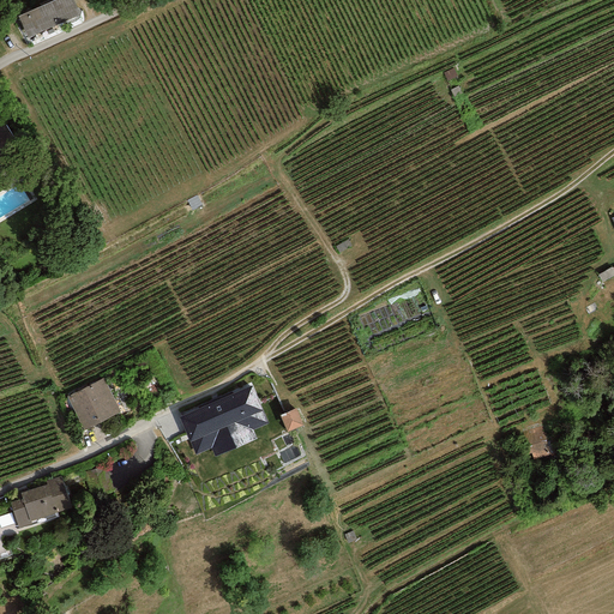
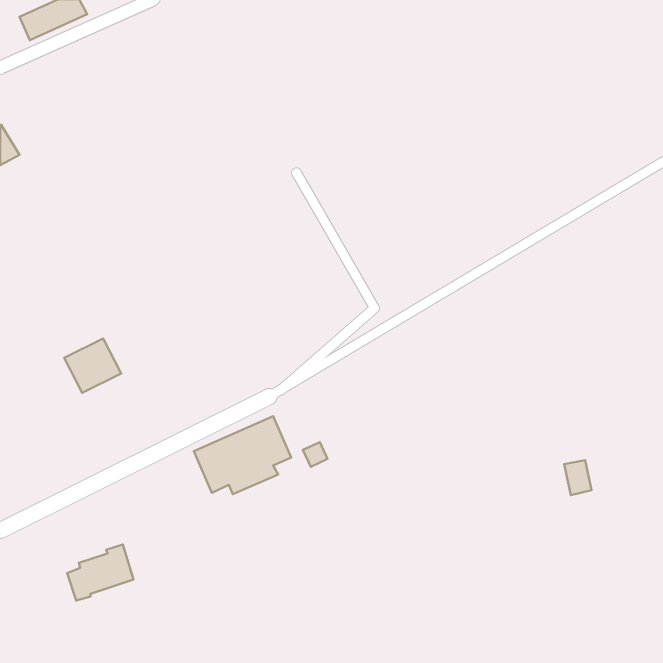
building: [68,378,121,428] -> [64,338,121,393]
building: [11,475,72,526] -> [67,545,133,600]

